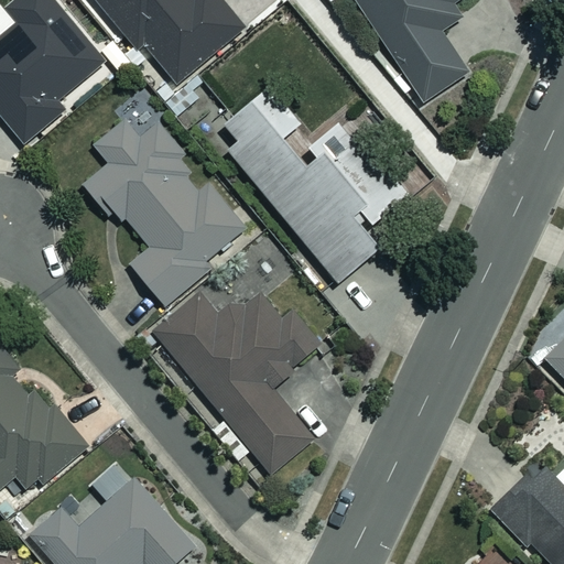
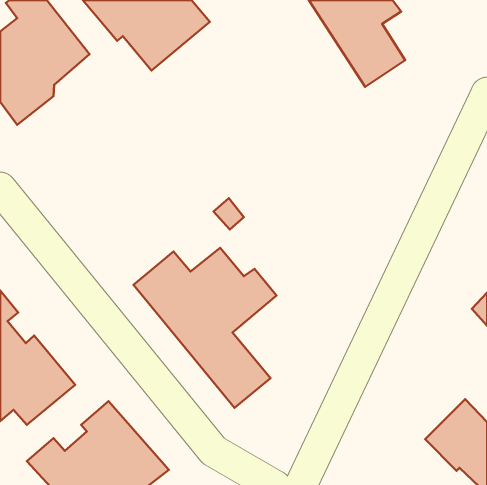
building: [224,85,409,281] -> none
building: [85,107,245,305] -> none

